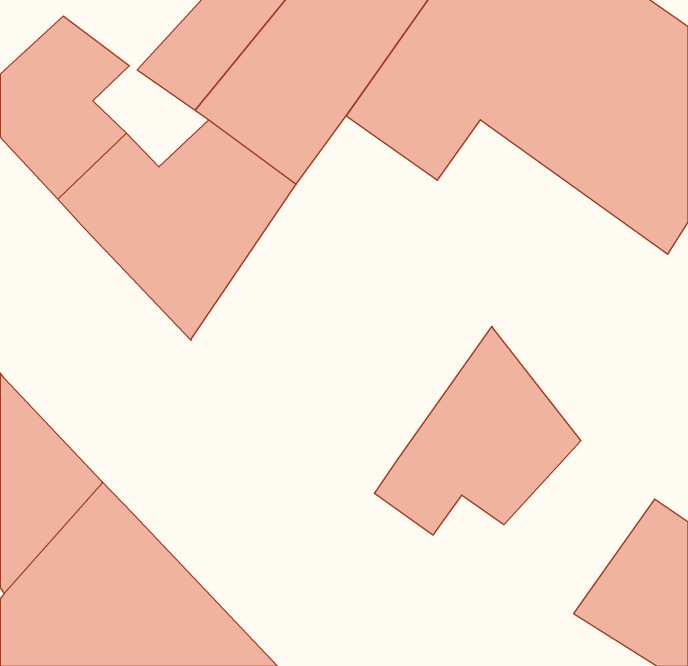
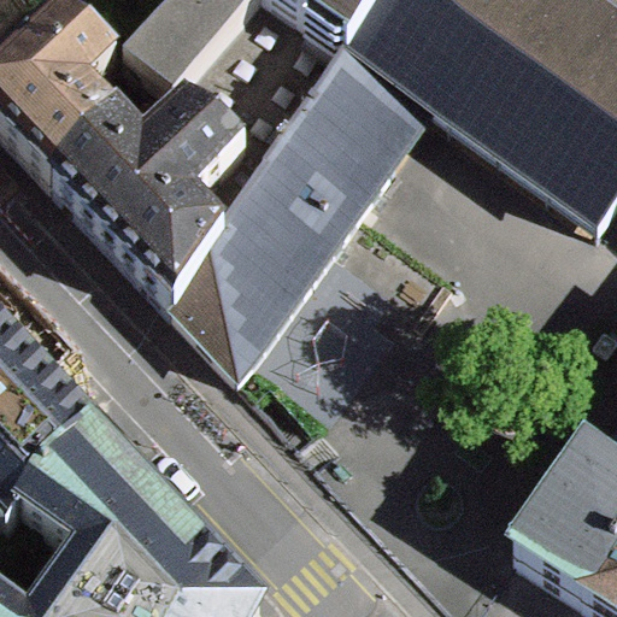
building: none -> [171,104,392,376]
building: [374,326,581,535] -> none

